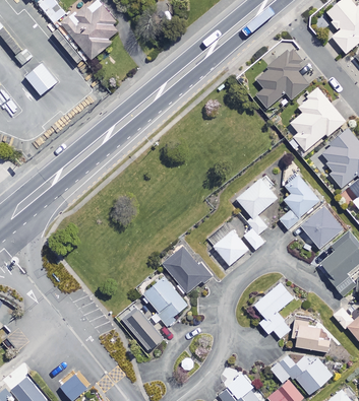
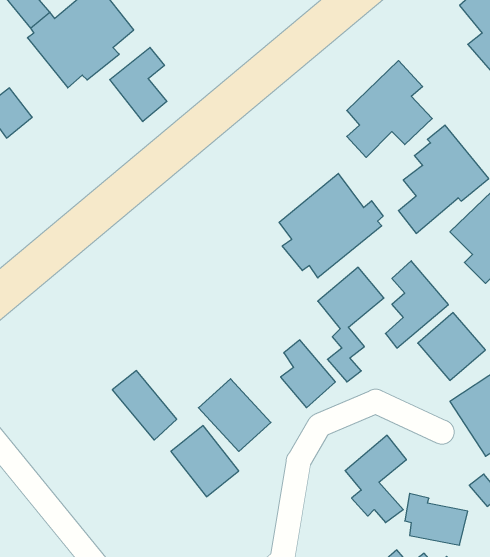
building: none -> [110,47,167,122]
building: none -> [279,173,383,278]
building: [122,308,163,351] -> [112,371,177,440]

